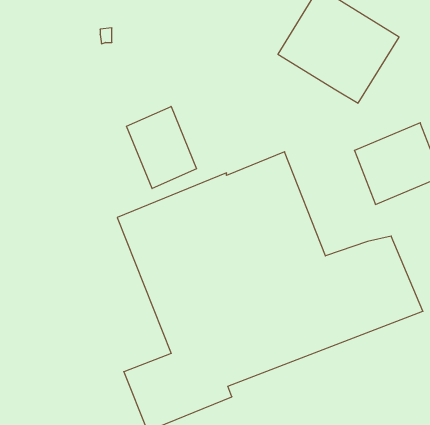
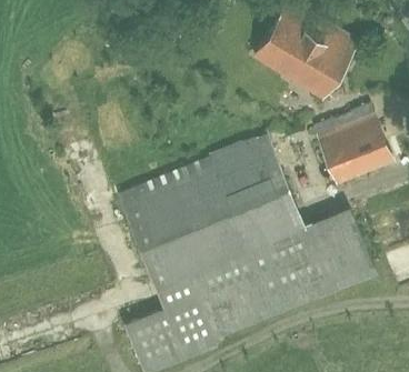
building: [126,106,197,189] -> none

